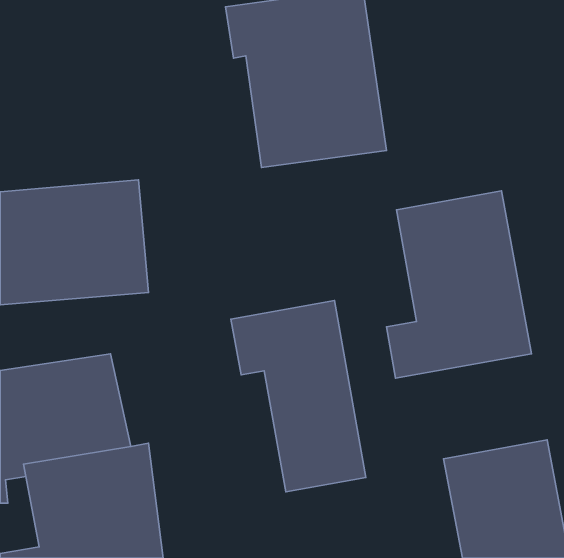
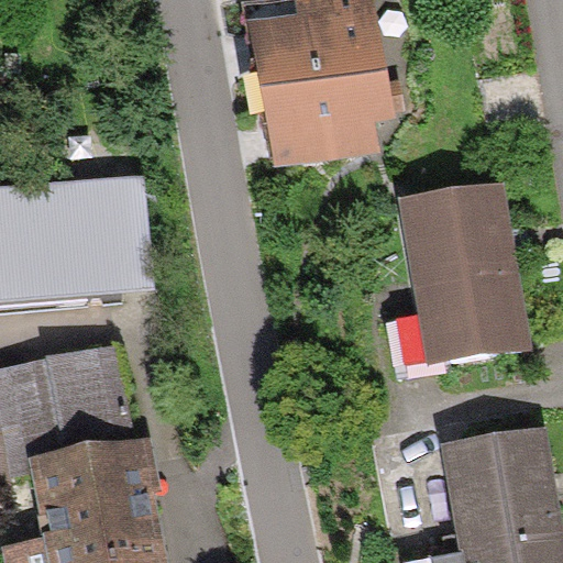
building: [231,300,366,492] -> none

